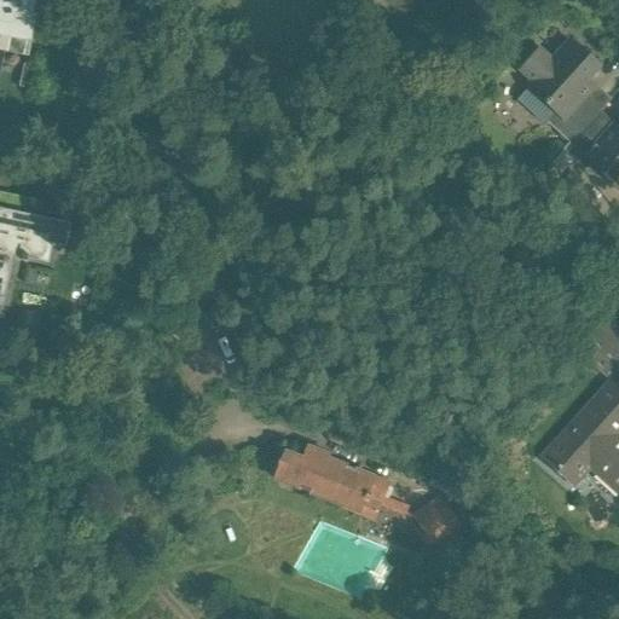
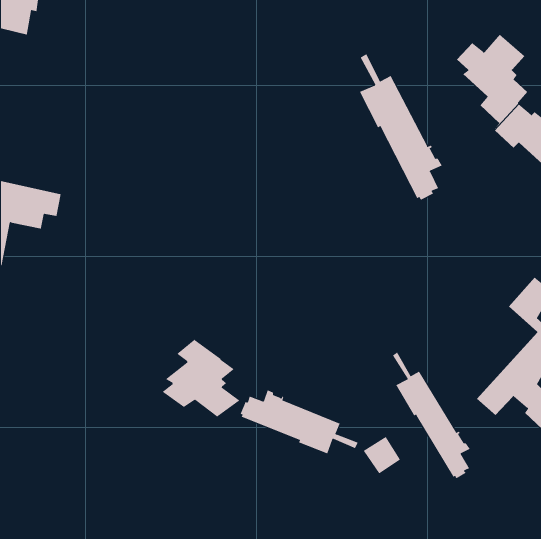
building: none -> [359,53,443,200]
building: none -> [162,333,240,418]
building: none -> [392,352,470,479]

